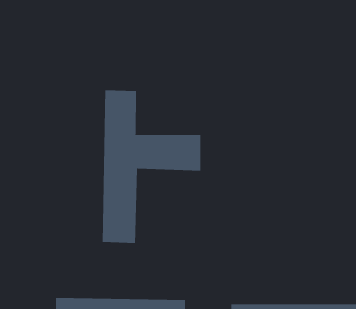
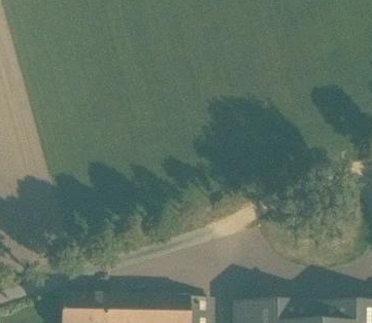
building: [102,89,201,244] -> none

